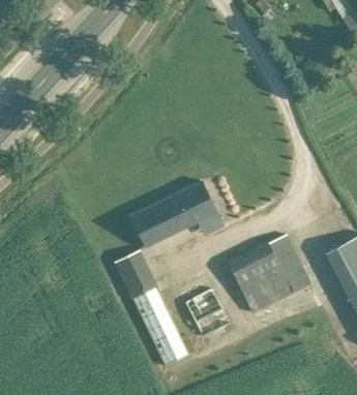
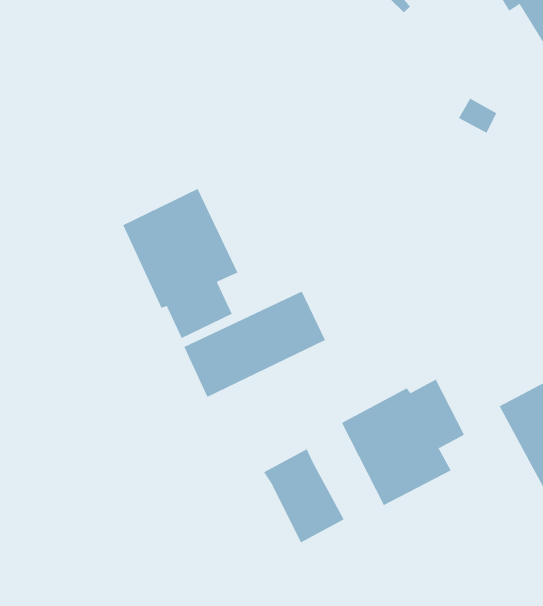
building: none -> [122,188,238,339]
building: [116,250,196,368] -> none

